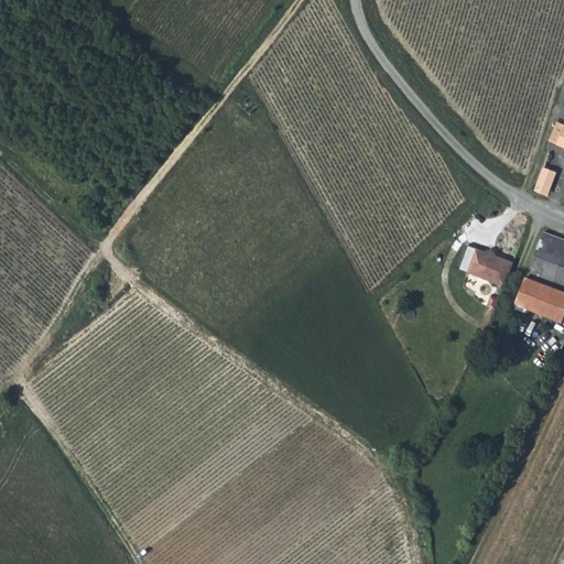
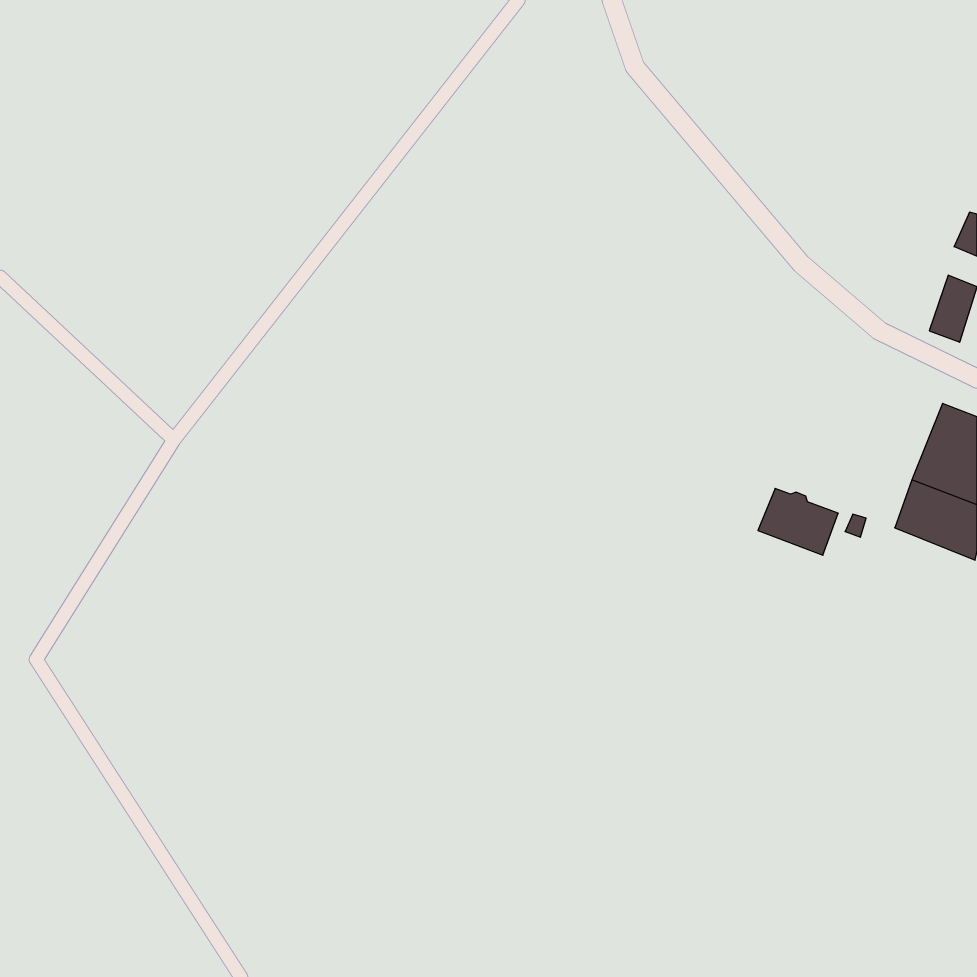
building: [467,248,513,286] -> [758,488,838,555]

